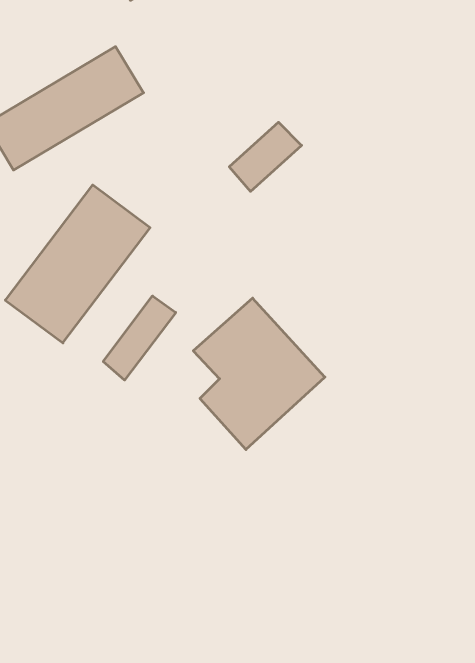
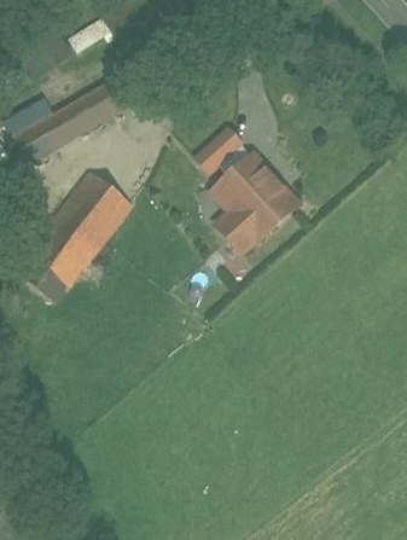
building: [103,296,176,380] -> none
building: [193,298,325,450] -> [204,146,301,257]

